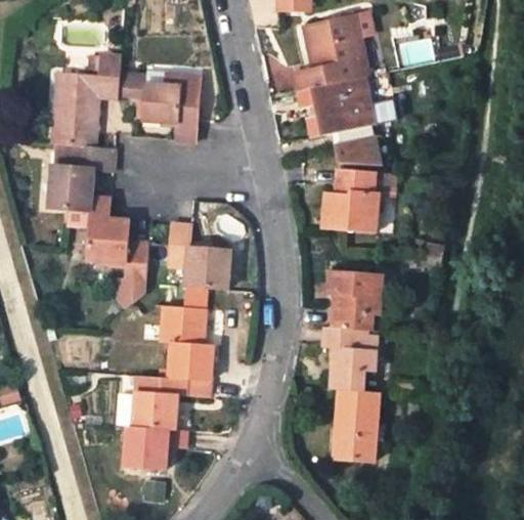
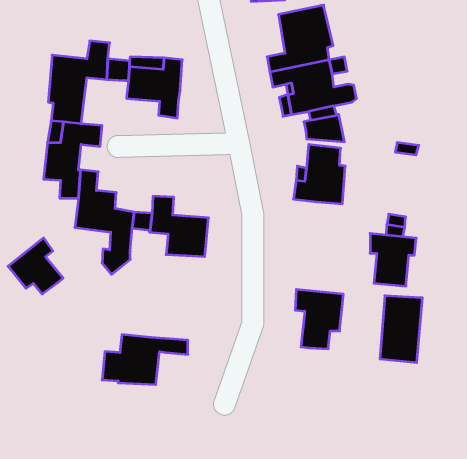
building: none -> [8,238,63,294]
building: [331,272,381,330] -> [370,233,416,286]
building: [161,288,212,381] -> none
building: [335,389,381,462] -> [380,296,422,363]
building: [124,426,184,471] -> none

